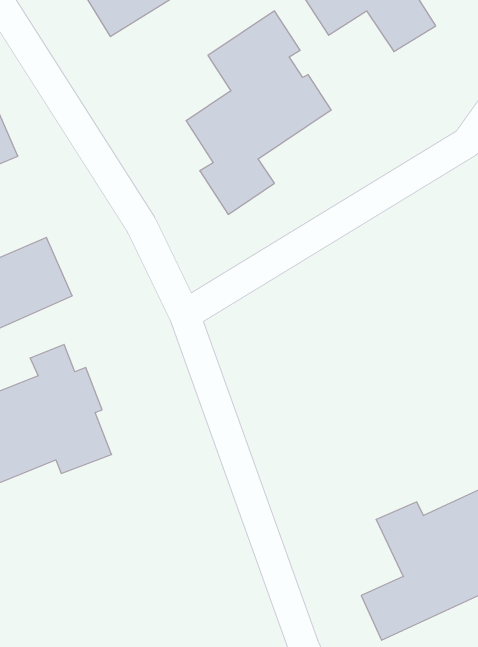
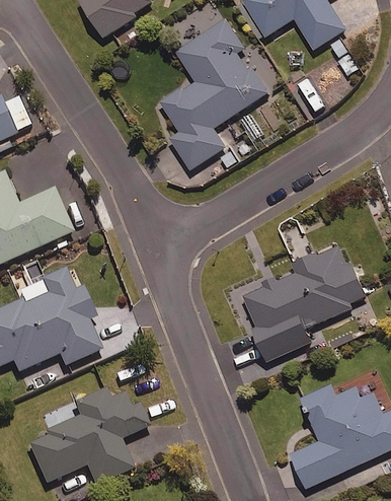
building: none -> [240,241,366,362]
building: none -> [27,382,150,485]

